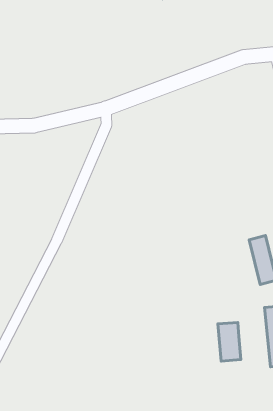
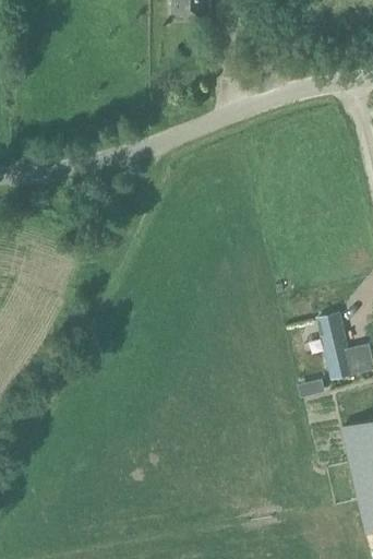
building: [218,322,241,361] -> none

